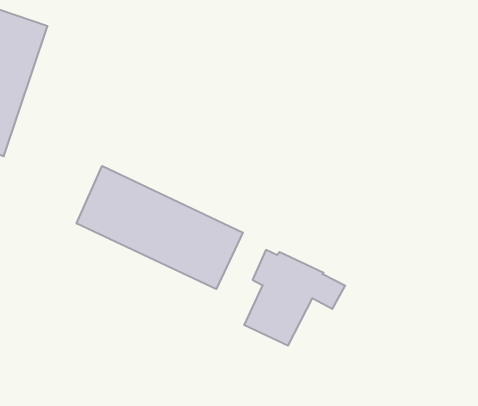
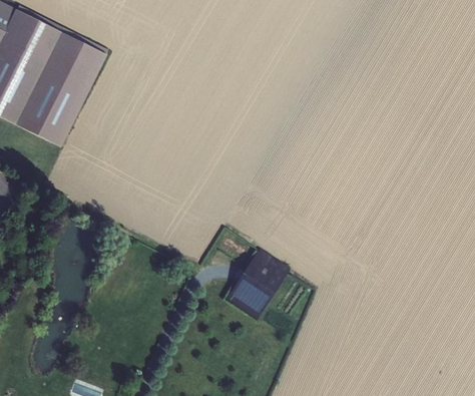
building: [77,166,243,289] -> none

